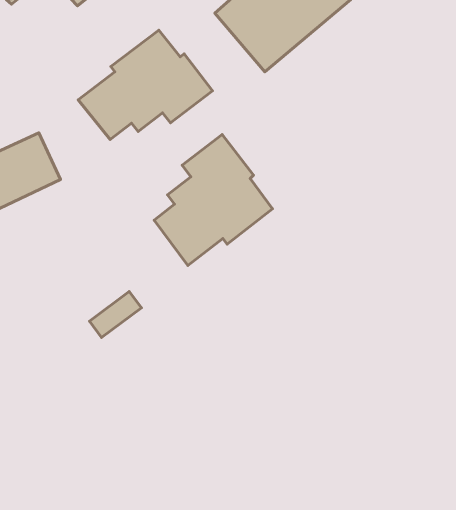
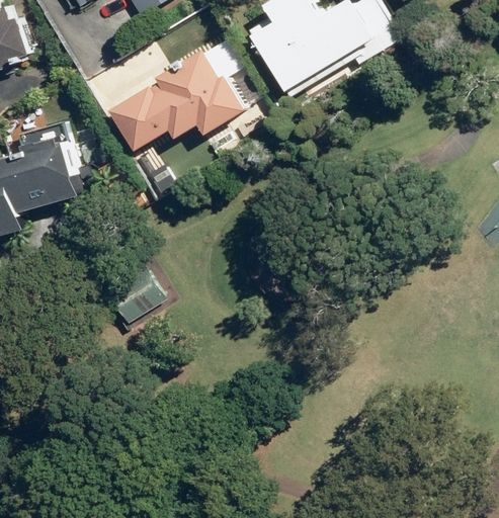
building: [154,134,272,266] -> none

